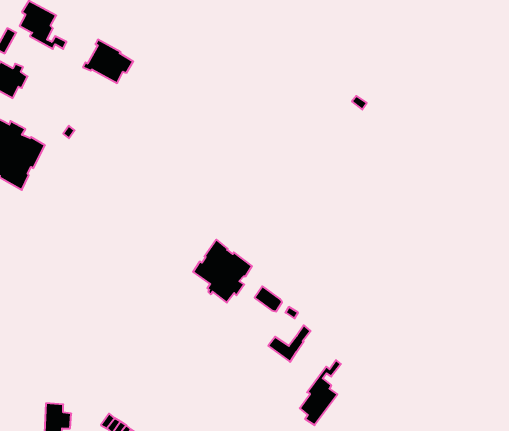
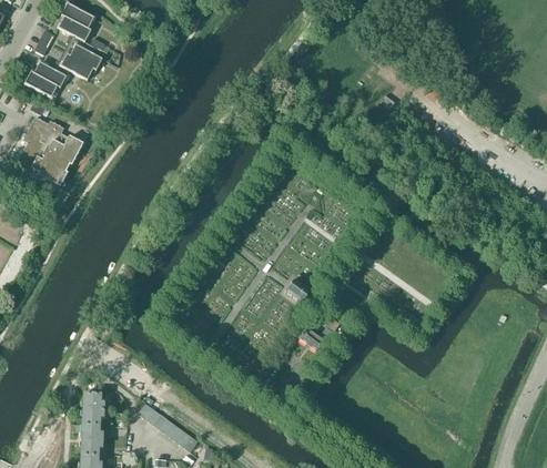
building: [83,40,133,83] -> [53,38,102,80]
building: [193,240,252,303] -> none
building: [300,360,341,425] -> none

